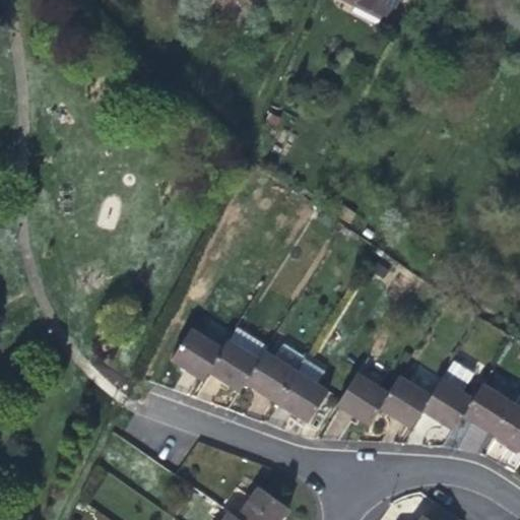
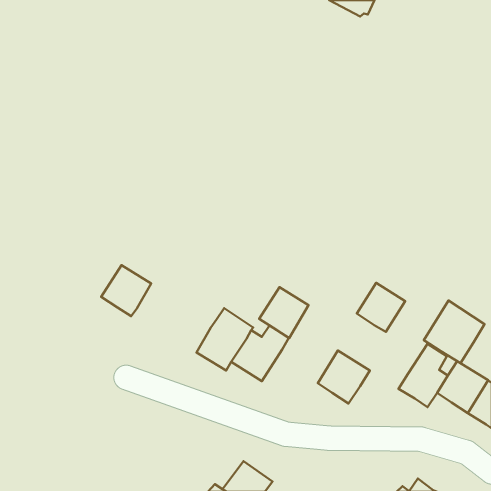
building: none -> [424,301,485,363]
building: [171,327,223,381] -> [101,265,151,316]
building: [277,370,329,424] -> [259,287,308,338]
building: [381,376,432,428] -> [357,283,405,332]

